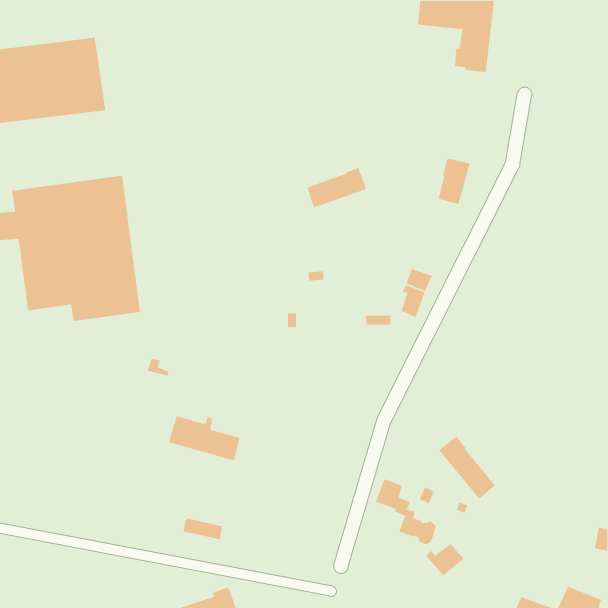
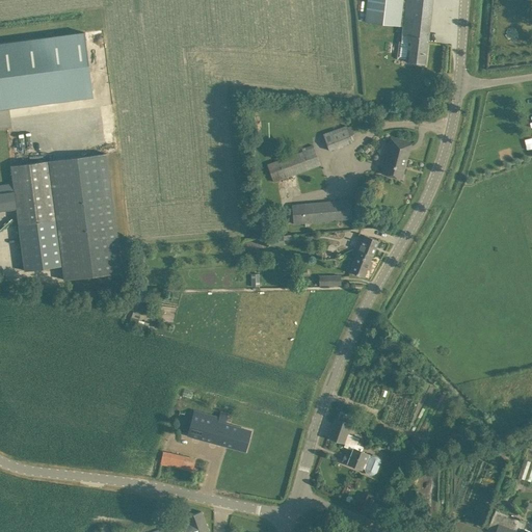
building: none -> [322,126,353,151]
building: none -> [291,200,352,225]
building: [168,415,240,462] -> [186,411,249,452]
building: [438,435,496,500] -> none
building: [425,543,465,576] -> none

